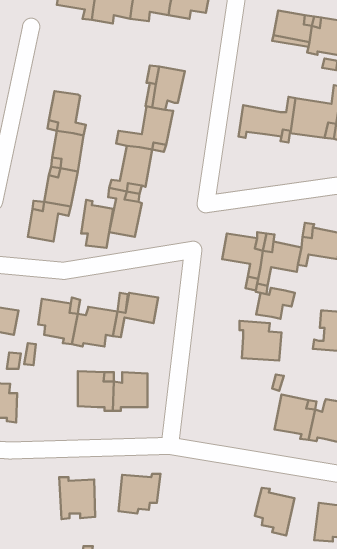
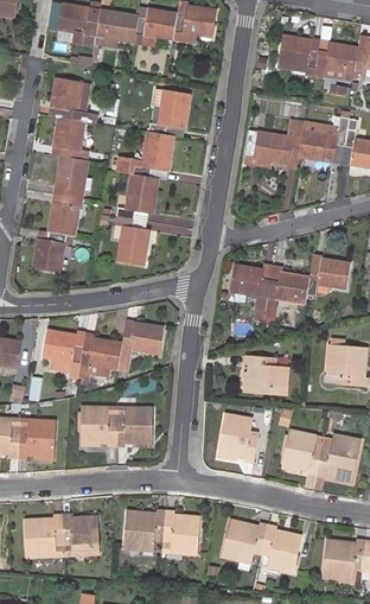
building: none -> [51,80,98,126]
building: [81,200,113,248] -> none
building: [256,288,295,319] -> none
building: none -> [217,412,257,460]
building: none -> [18,418,55,456]
building: none -> [160,508,199,552]
building: none -> [24,511,64,555]
building: none -> [221,516,268,558]

